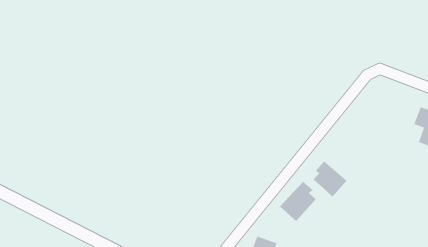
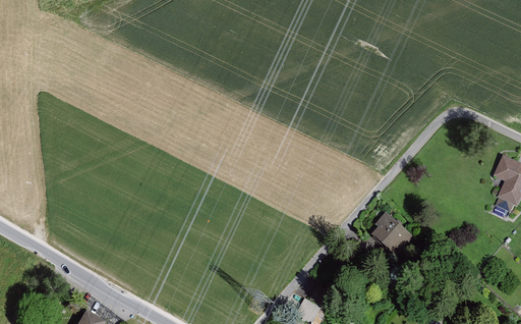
building: [279,181,316,222] -> none

